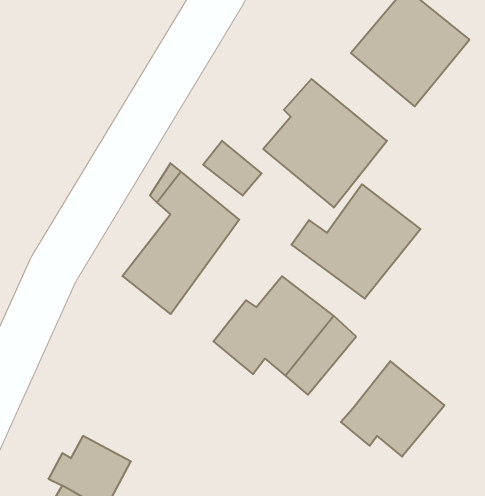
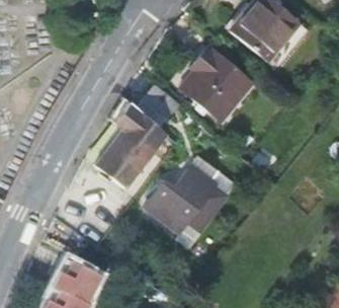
building: [291,184,421,299] -> none
building: [341,361,444,457] -> none

